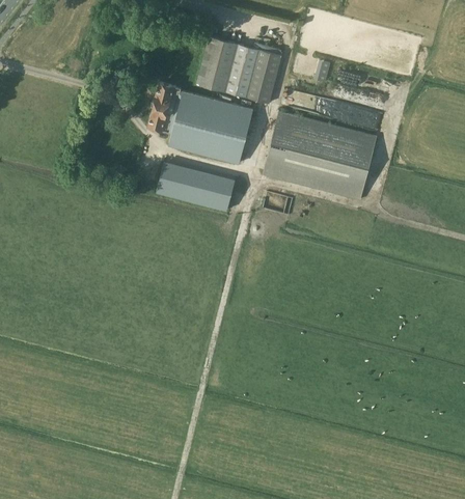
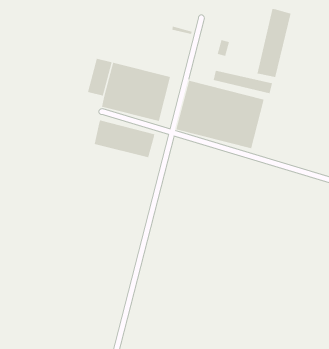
building: none -> [257,8,291,78]
building: [196,36,280,103] -> none

